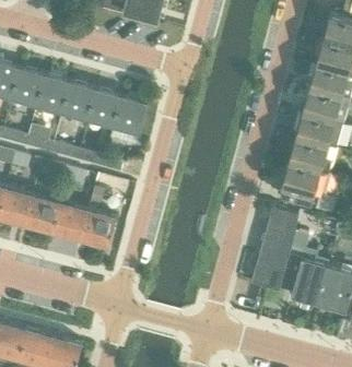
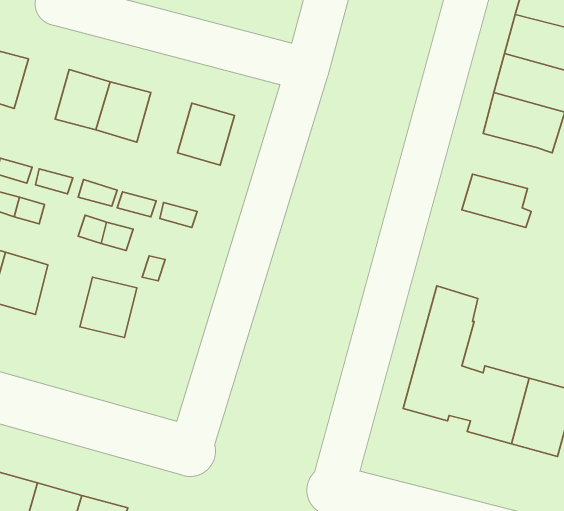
building: [10,68,44,105] -> none
building: [85,88,119,126] -> none
building: [292,114,341,151] -> none
building: [277,161,336,214] -> none
building: [23,194,58,233] -> none
building: [78,209,114,247] -> none

